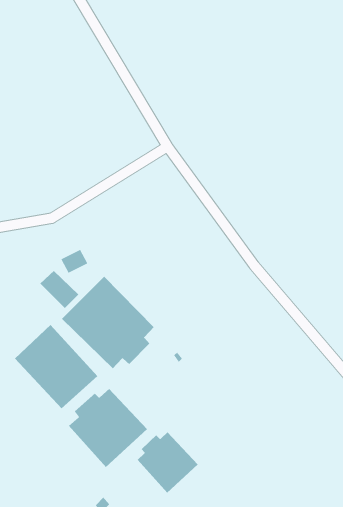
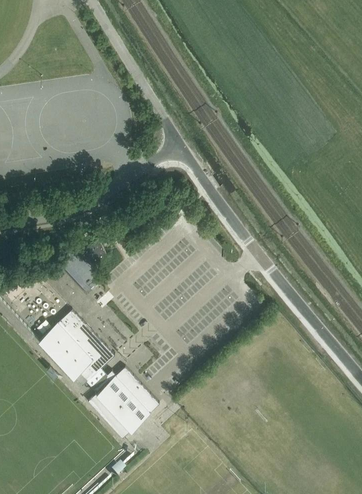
building: [61,276,155,369] -> none
building: [137,432,199,494] -> none

